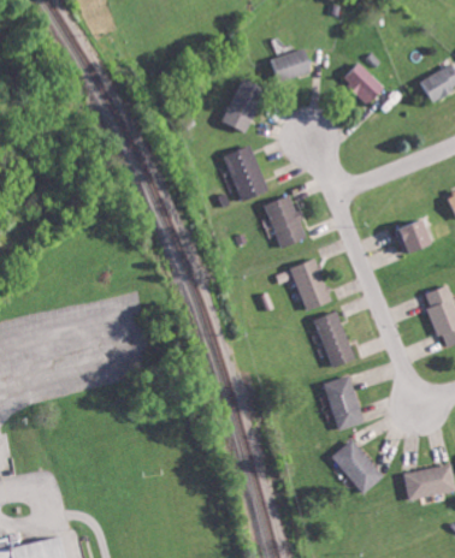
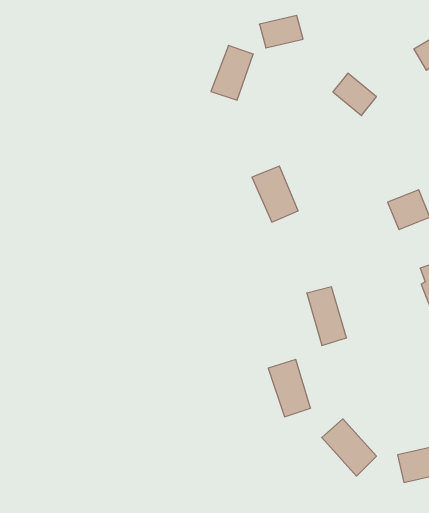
building: [342,63,384,103] -> [333,73,376,116]
building: [224,146,267,202] -> none
building: [284,260,330,310] -> none
building: [323,375,364,431] -> [268,359,311,417]

